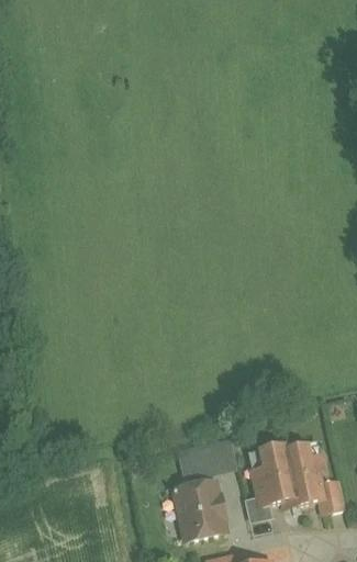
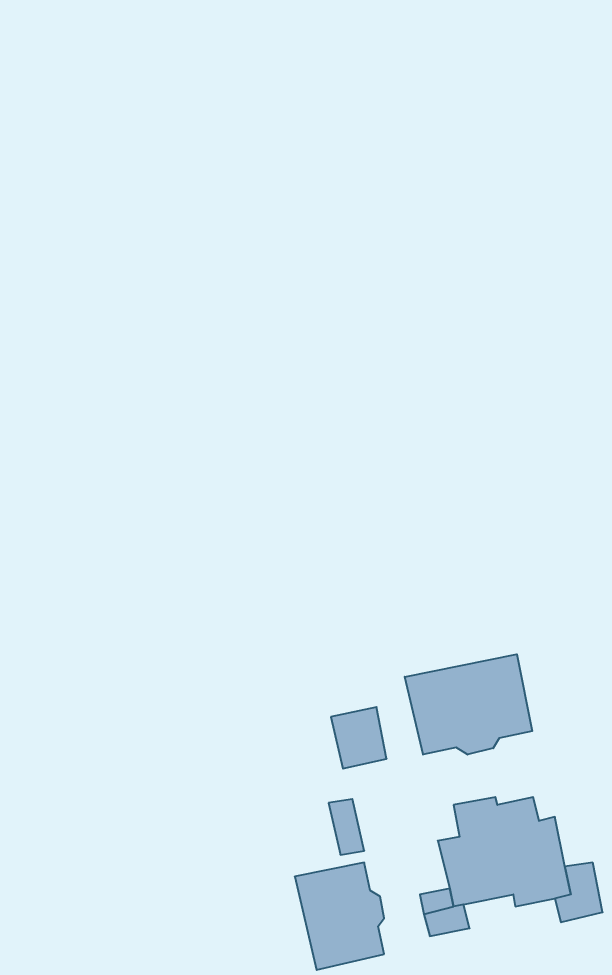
building: none -> [405,654,532,755]
building: [207,440,237,474] -> [331,707,387,769]

